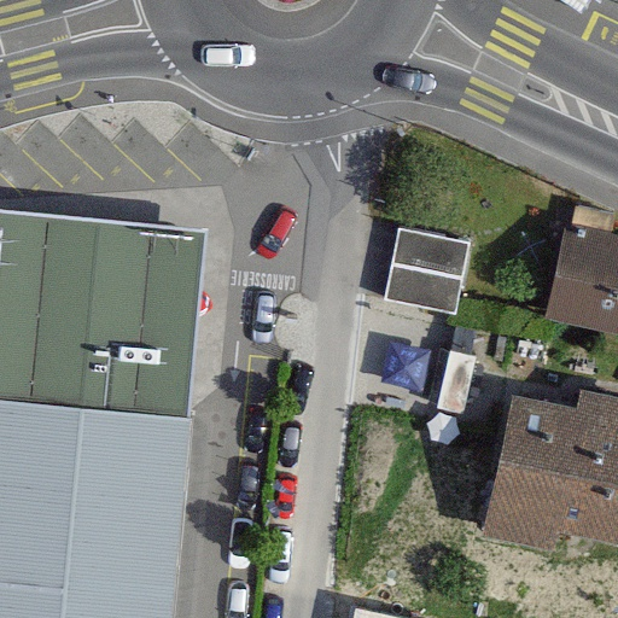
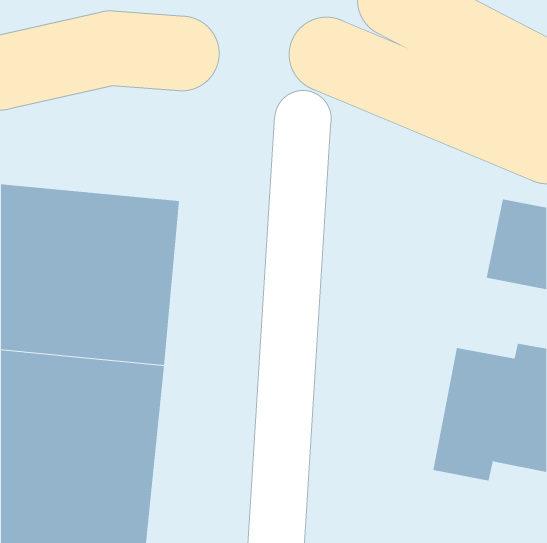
building: [386,231,466,311] -> none

